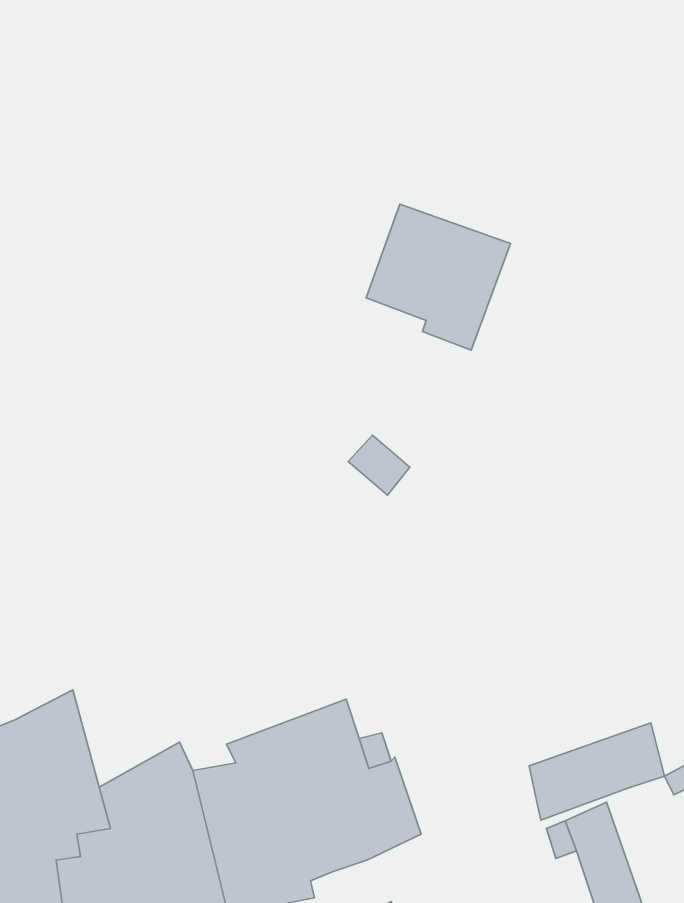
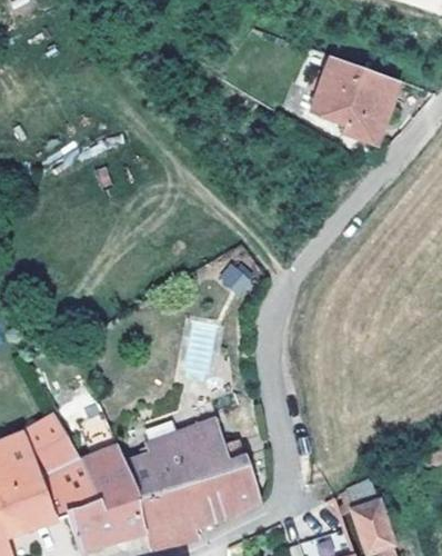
building: [366,204,510,350] -> [310,57,395,143]
building: [529,723,664,820] -> none

